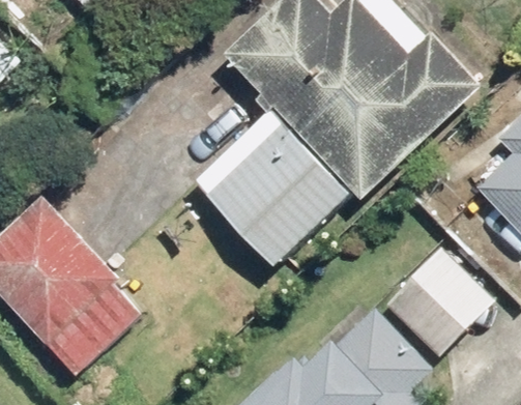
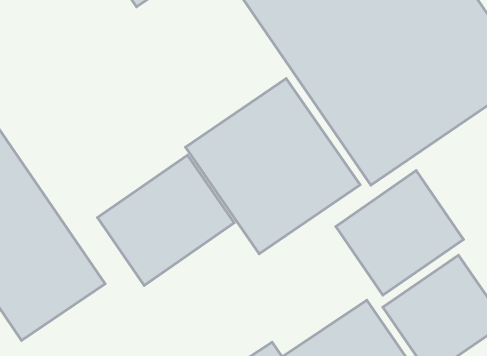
building: none -> [336,171,463,295]
building: none -> [98,155,234,286]

